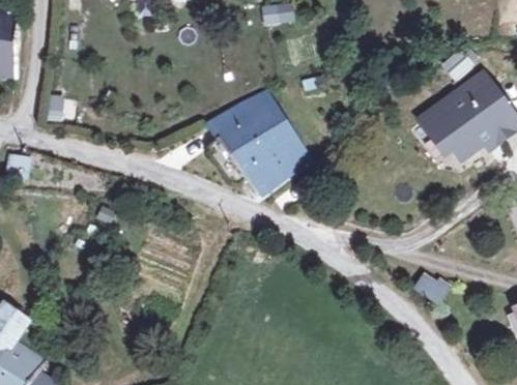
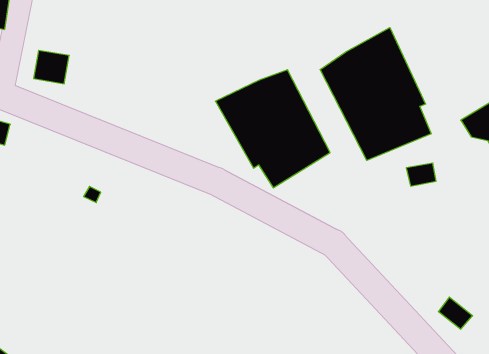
building: none -> [320,28,431,160]

